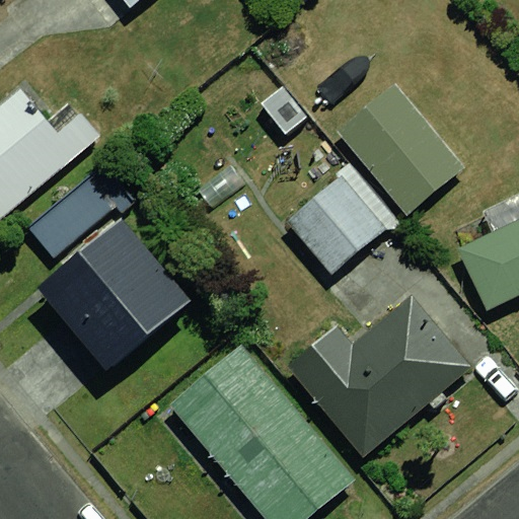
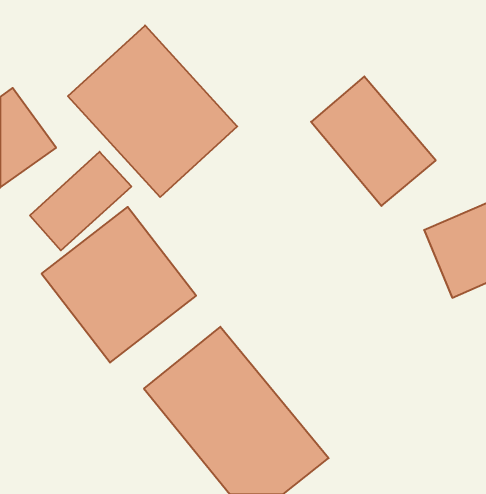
building: none -> [68,25,237,197]
building: [278,170,384,276] -> none
building: [294,299,469,455] -> none

